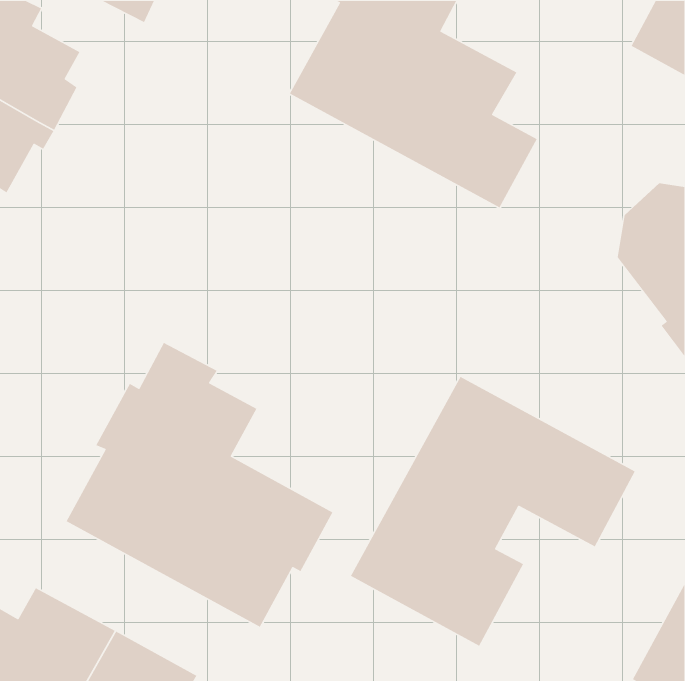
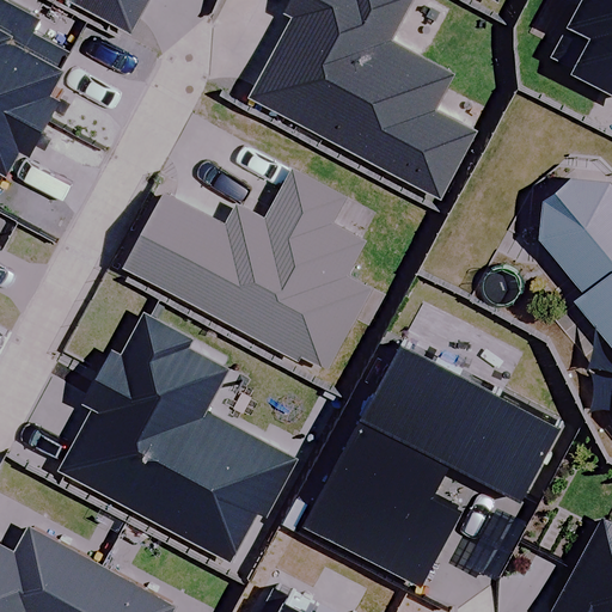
building: none -> [124,171,368,368]

